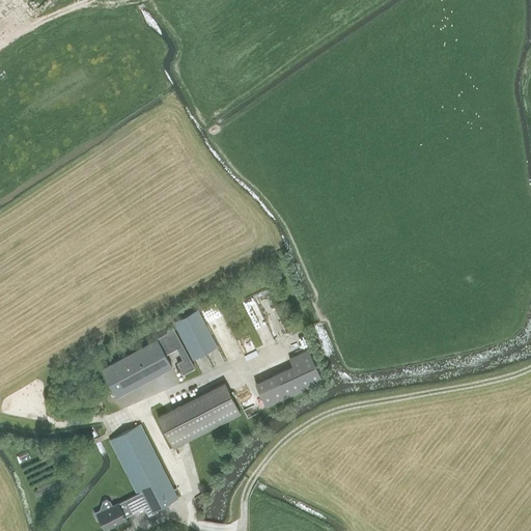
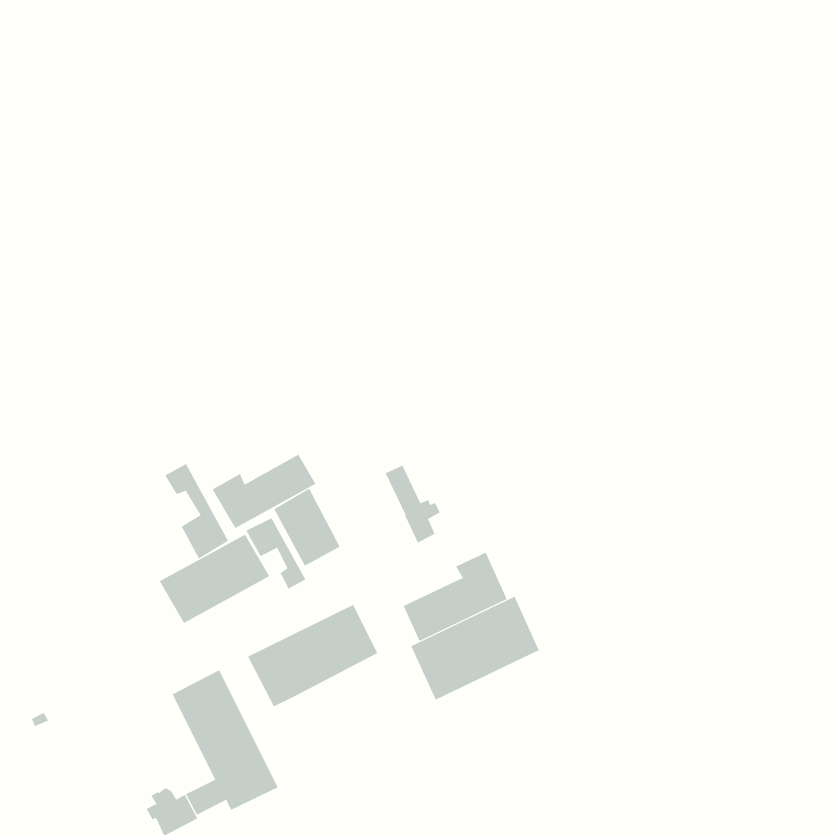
building: none -> [212,454,316,529]
building: none -> [165,463,229,559]
building: none -> [411,596,540,701]

